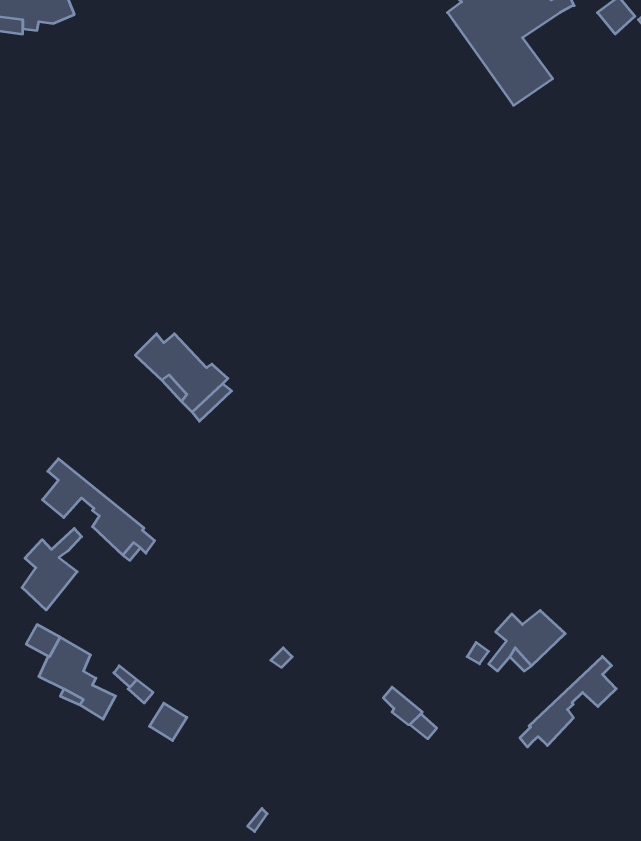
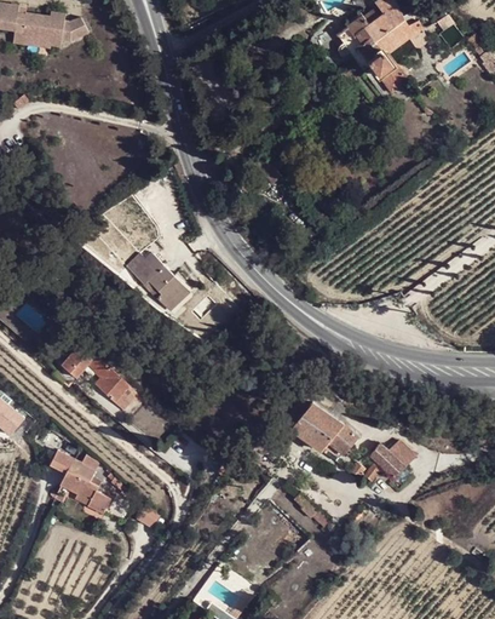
building: [22,528,82,610] -> none
building: none -> [289,401,357,460]
building: [520,656,616,747] -> none

